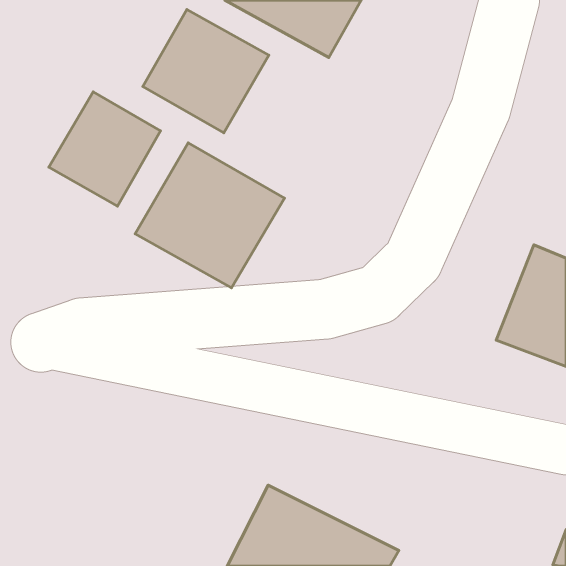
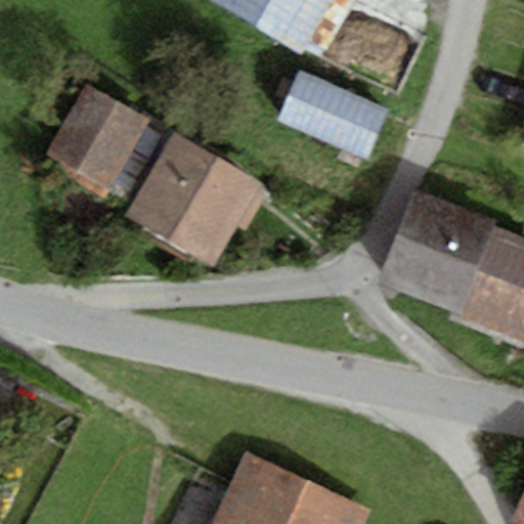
building: [143,9,269,133] -> none
building: none -> [276,70,389,161]
building: none -> [377,189,495,314]

